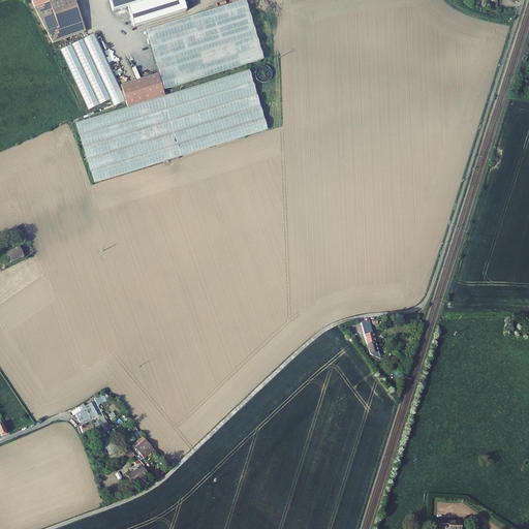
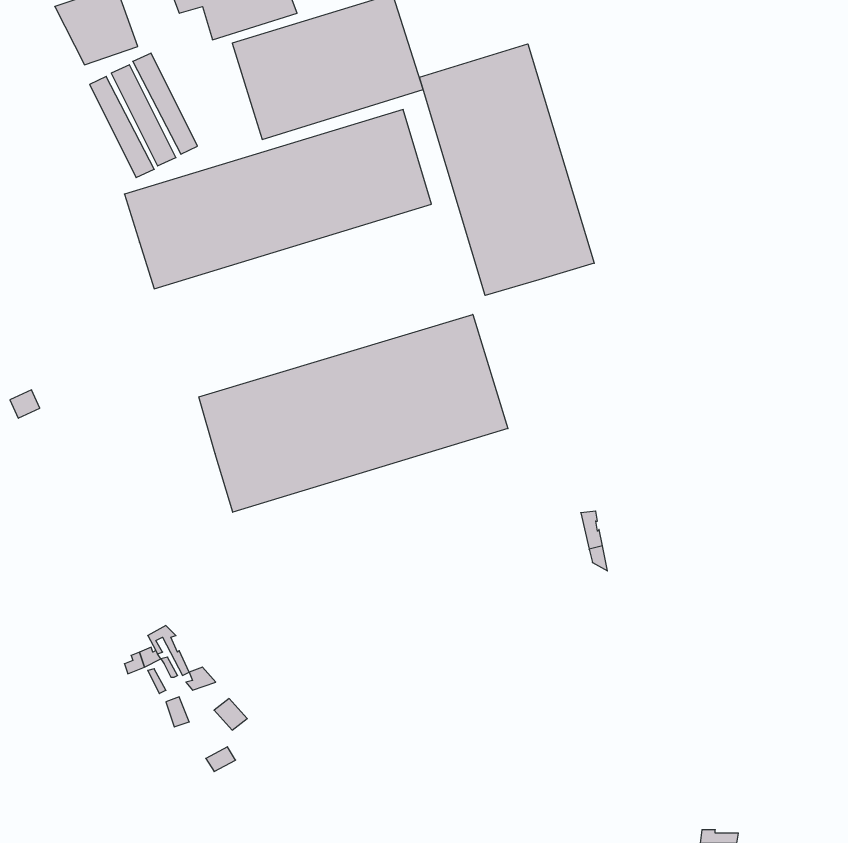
building: none -> [419,44,594,295]
building: [121,70,163,103] -> none
building: none -> [199,314,508,512]

